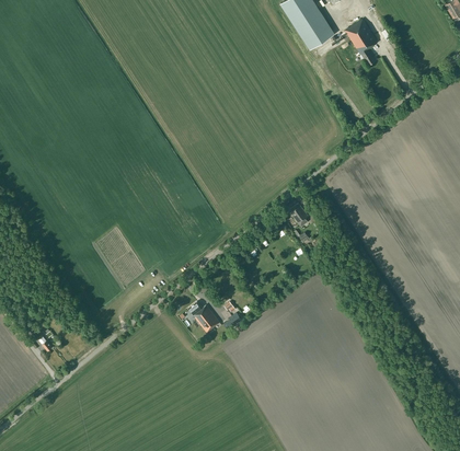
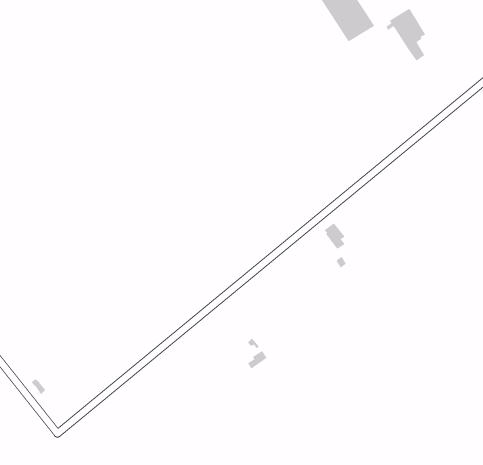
building: [186,300,218,332] -> none

